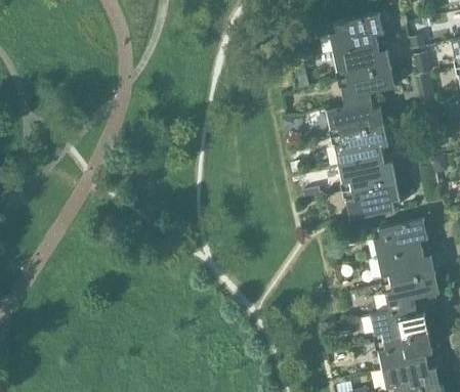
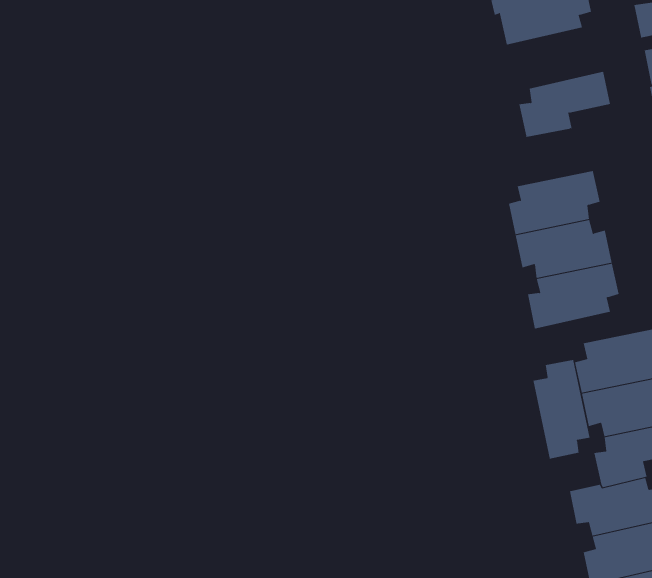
building: [333,44,390,80] -> none
building: [326,103,384,137] -> none
building: none -> [533,359,590,459]

